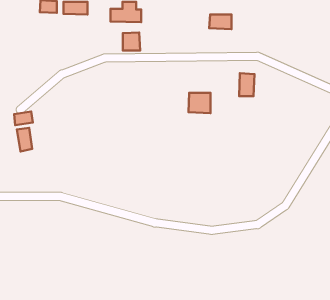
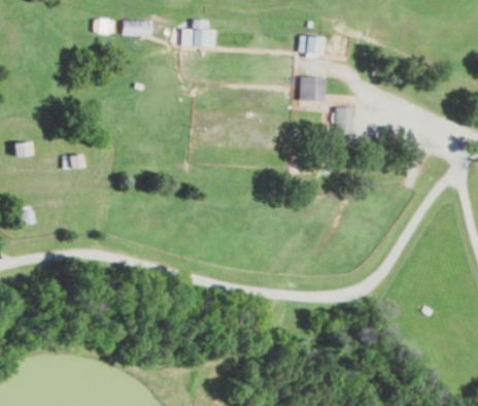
building: [123,33,140,51] -> none
building: [188,93,211,113] -> [300,77,327,102]
building: [17,128,32,151] -> none

